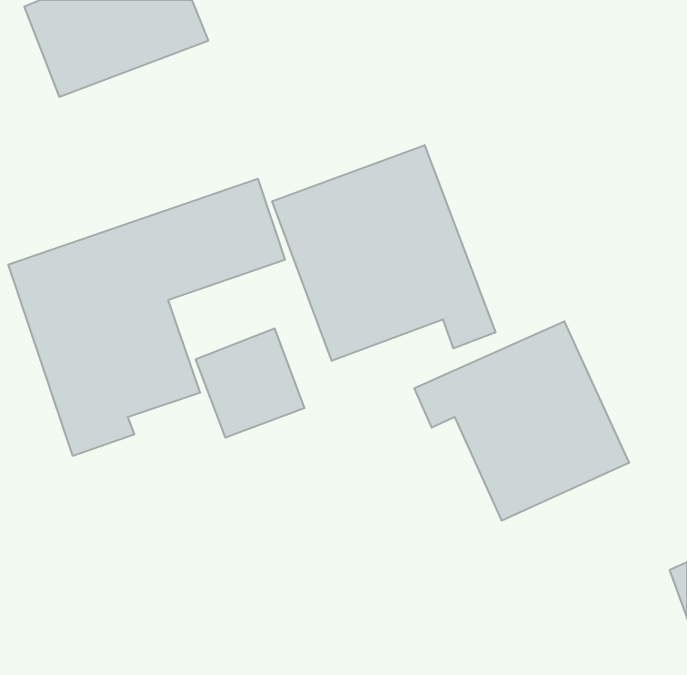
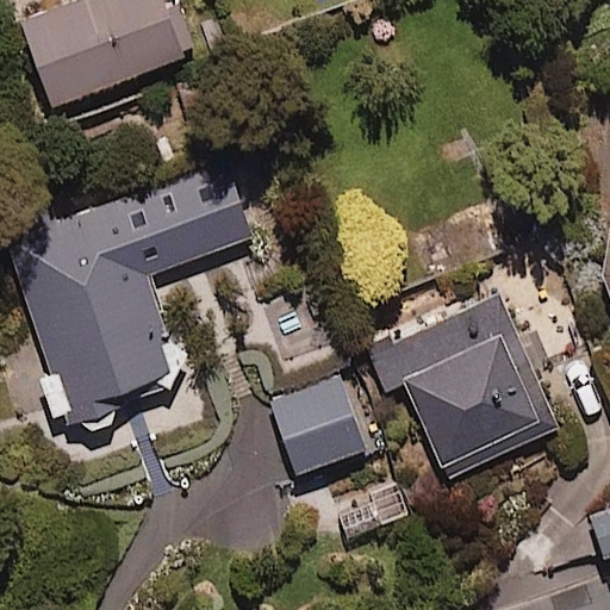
building: [272,145,495,361] -> none
building: [196,329,305,438] -> [270,376,367,473]

